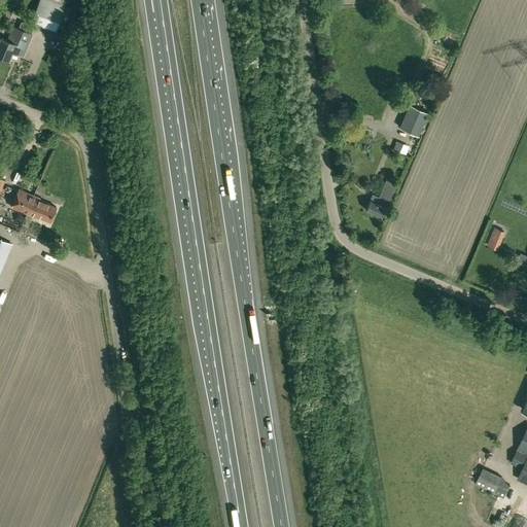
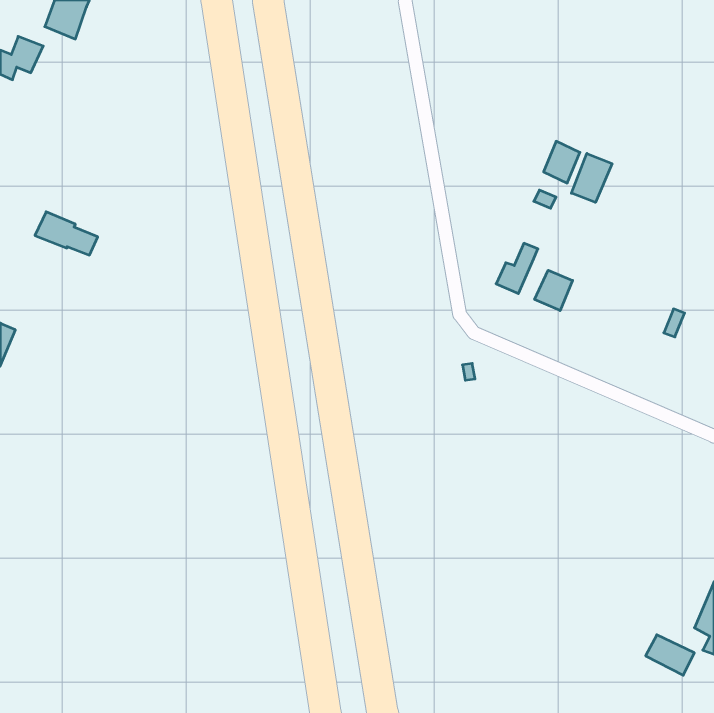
building: none -> [571,153,612,202]
building: [10,189,57,221] -> [35,212,98,255]
building: none -> [535,270,573,311]

